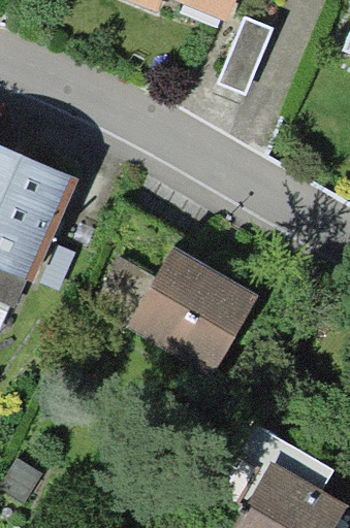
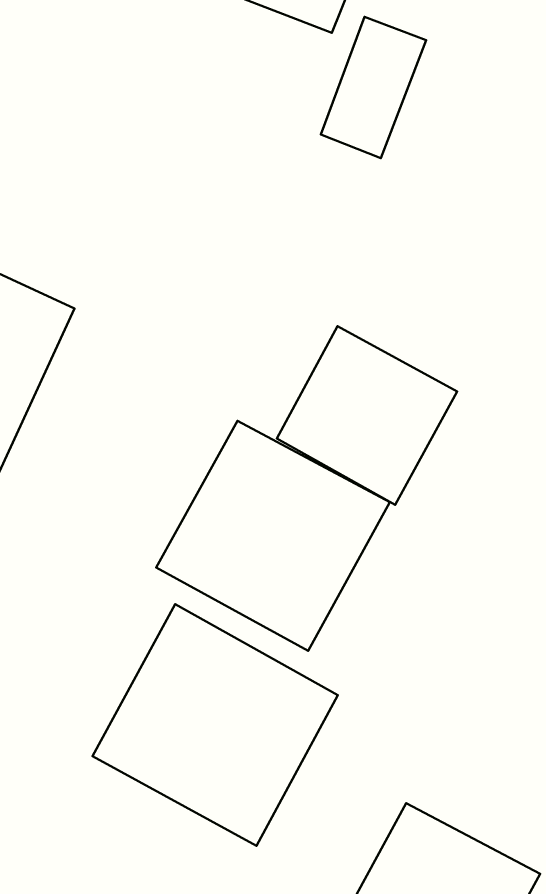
building: none -> [277,326,457,505]
building: none -> [92,604,338,846]

